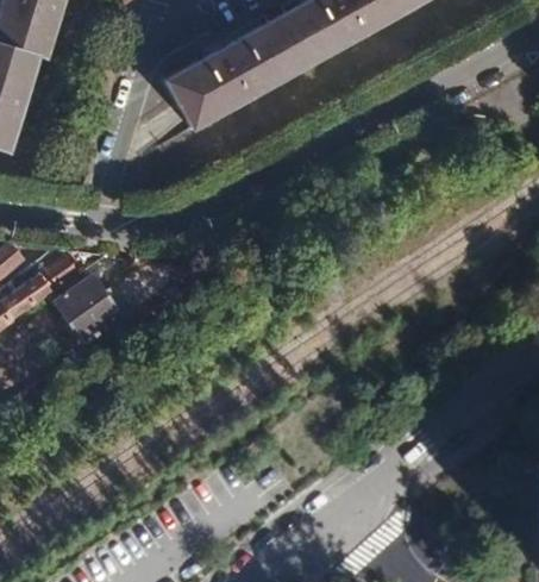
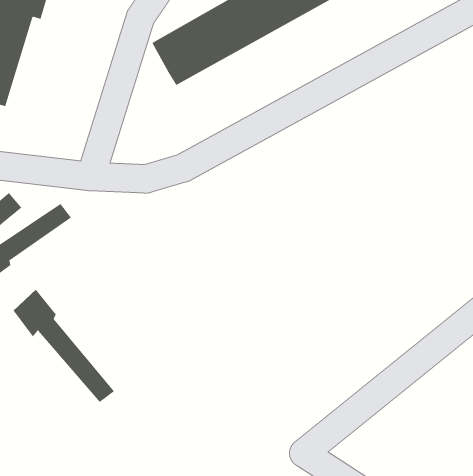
building: [59,277,120,339] -> none
building: none -> [13,289,115,403]

